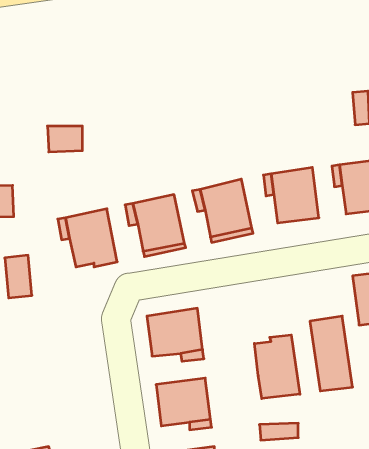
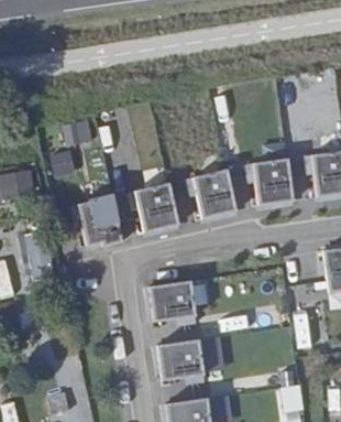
building: [254,335,300,399] -> none

